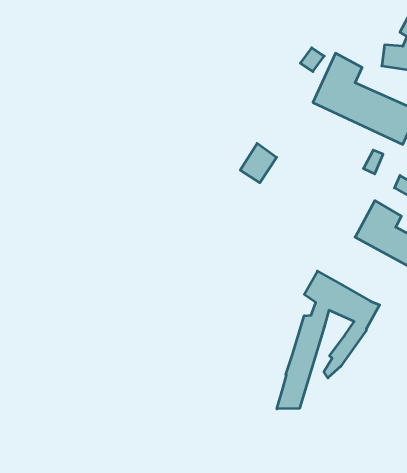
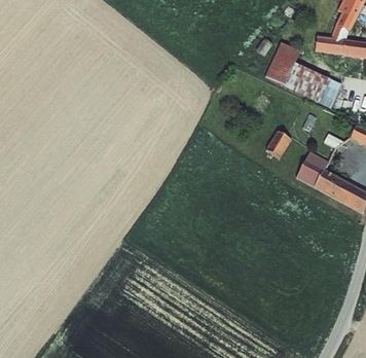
building: [240,143,277,183] -> [266,130,293,158]
building: [277,271,380,409] -> none

